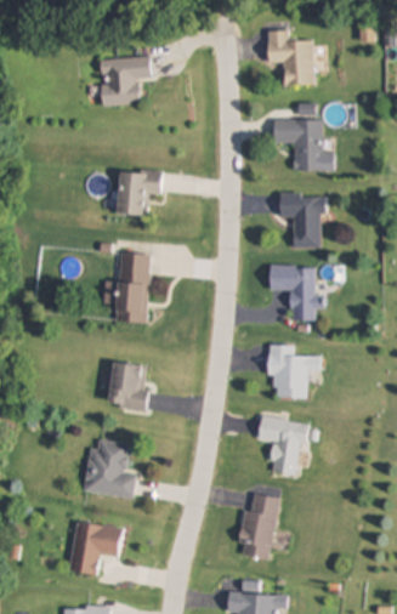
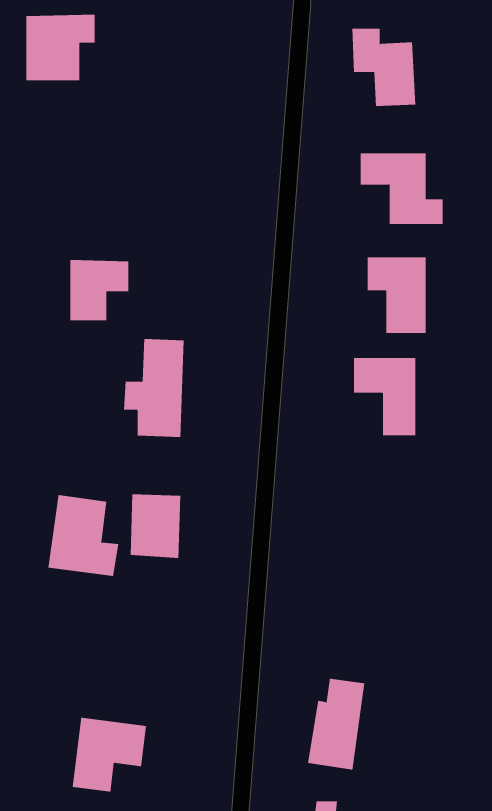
building: [101,58,151,106] -> [26,14,95,81]
building: [119,170,161,214] -> [70,260,129,321]
building: [268,343,319,397] -> none
building: [257,415,306,476] -> none
building: [85,438,136,496] -> [47,495,119,576]

